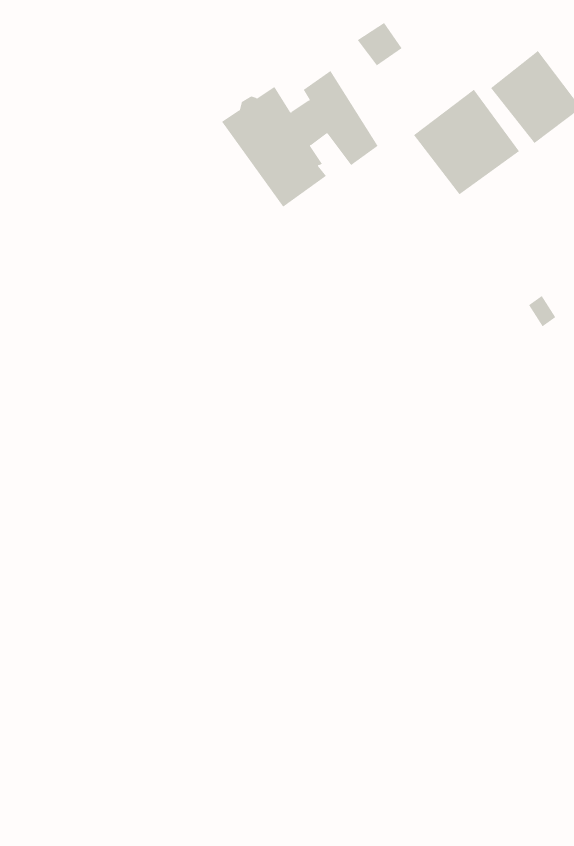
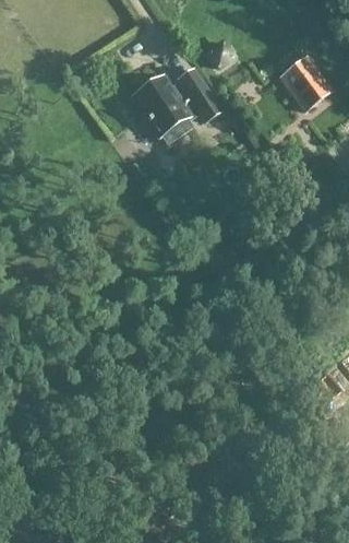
building: [413,89,520,195] -> none

